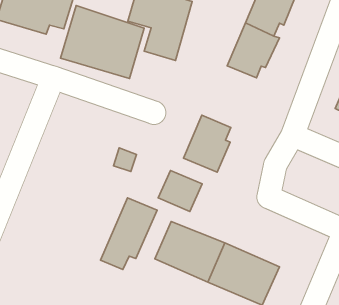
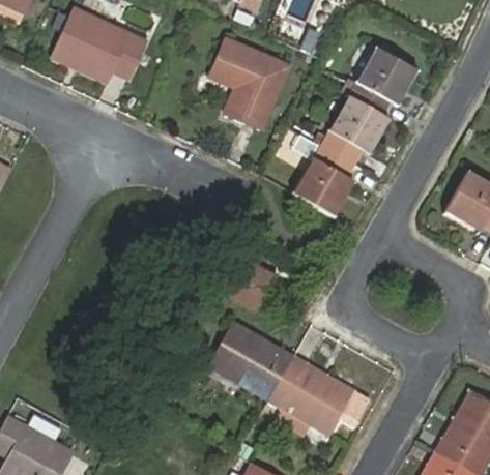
building: [61,6,144,78] -> none
building: [183,115,231,172] -> [293,145,354,215]
building: [101,198,157,270] -> none

